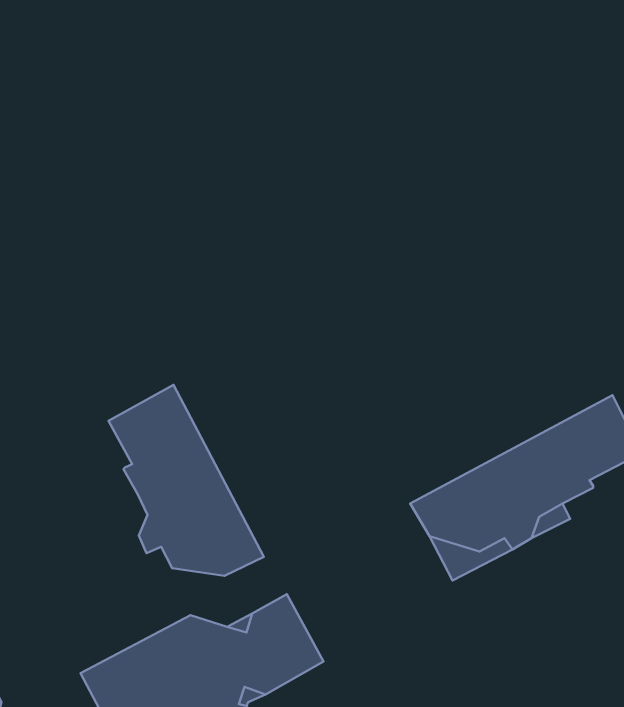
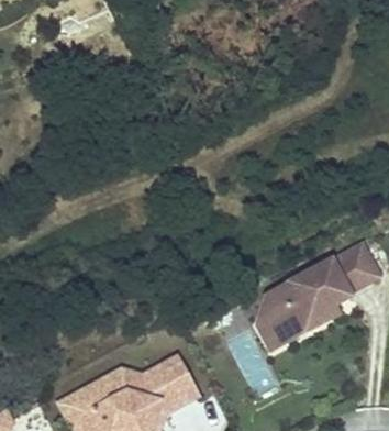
building: [108,385,264,576] -> none

